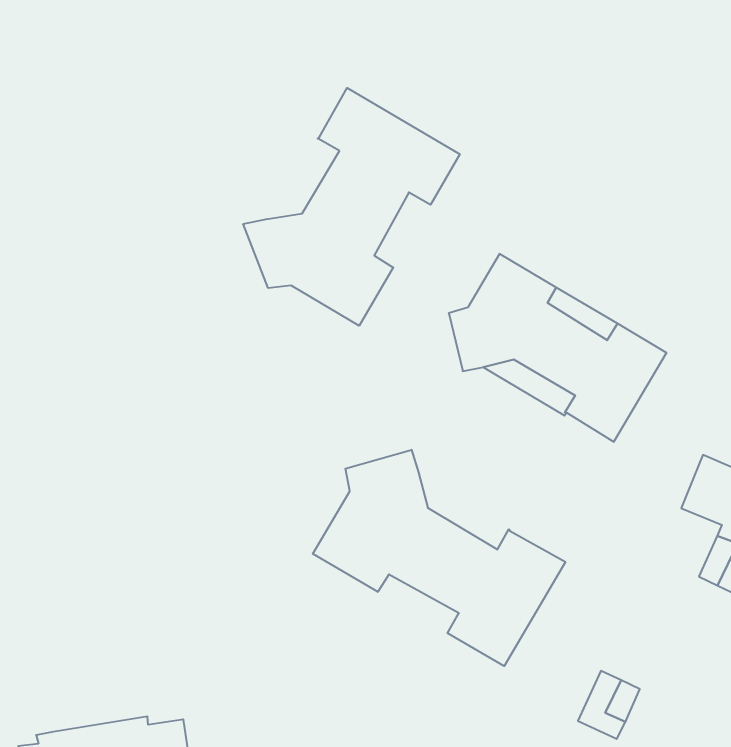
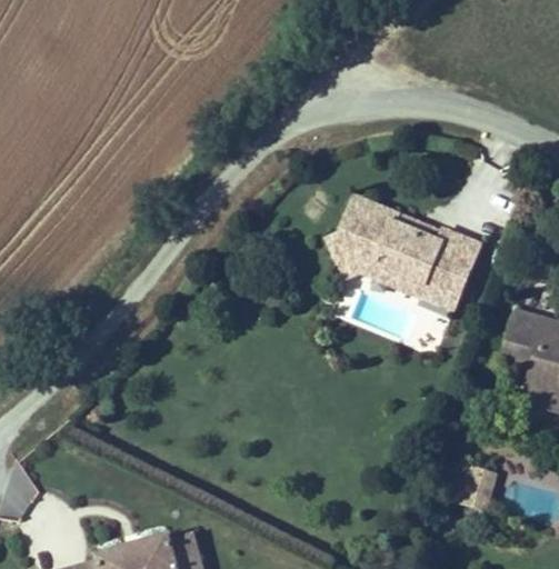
building: [243,88,460,326] -> none
building: [313,450,565,666] -> none

